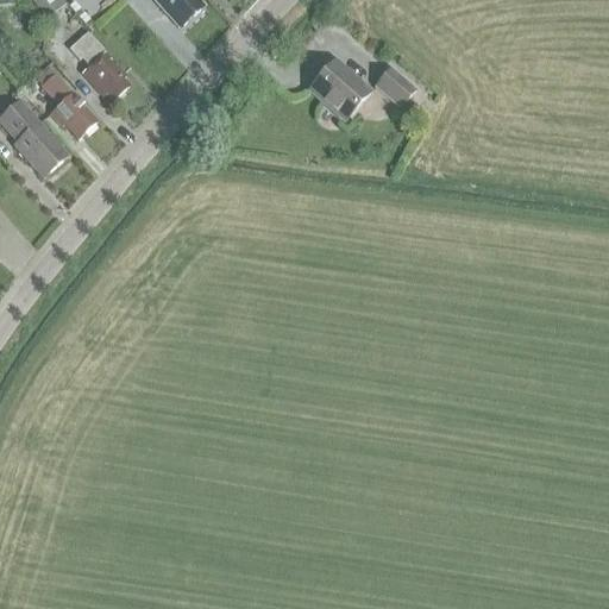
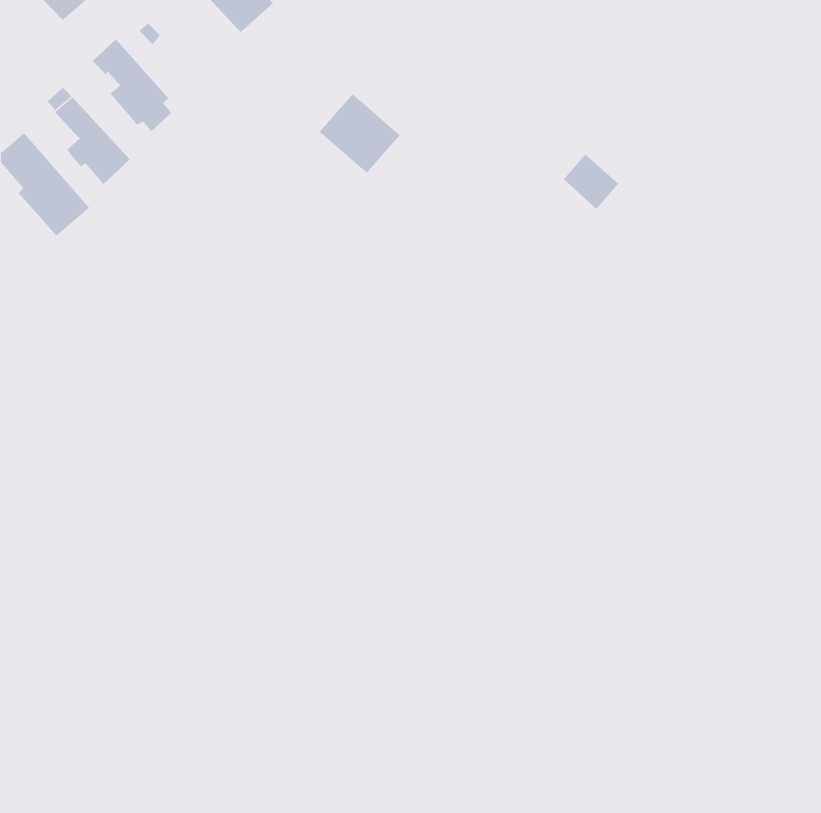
building: [309,58,370,118] -> [319,93,401,174]
building: [373,65,415,107] -> [563,153,619,210]

